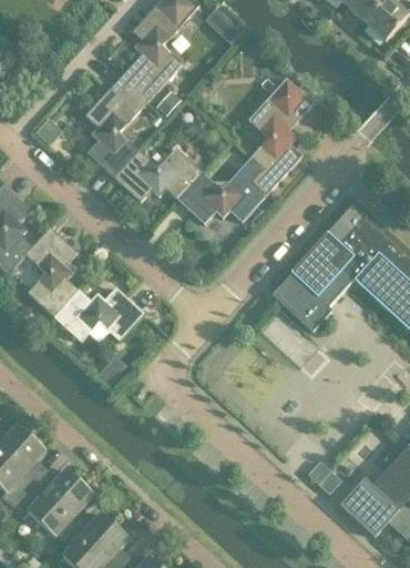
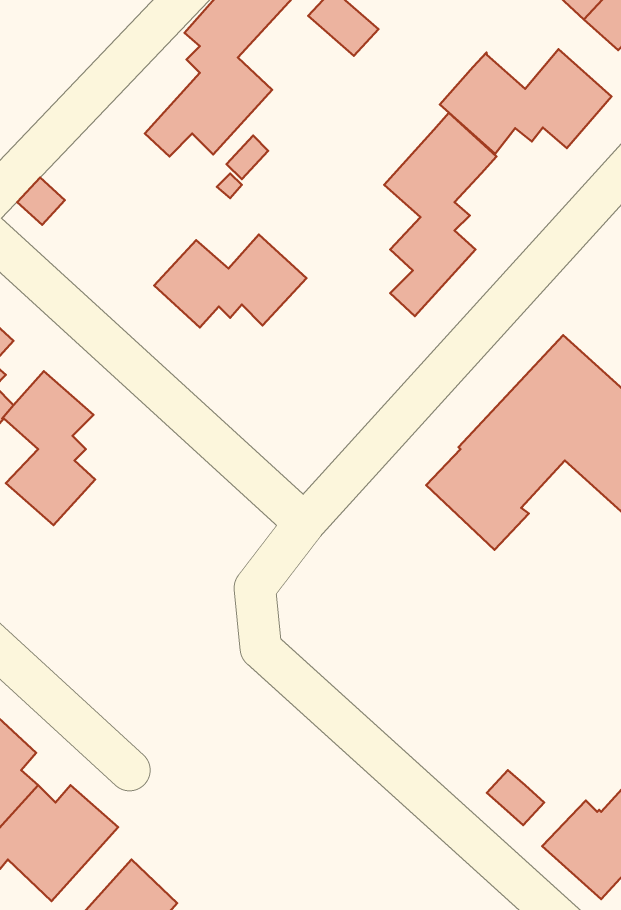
building: none -> [440,49,611,154]
building: [85,89,148,178] -> none
building: [177,156,266,224] -> none
building: [55,287,144,342] -> none

